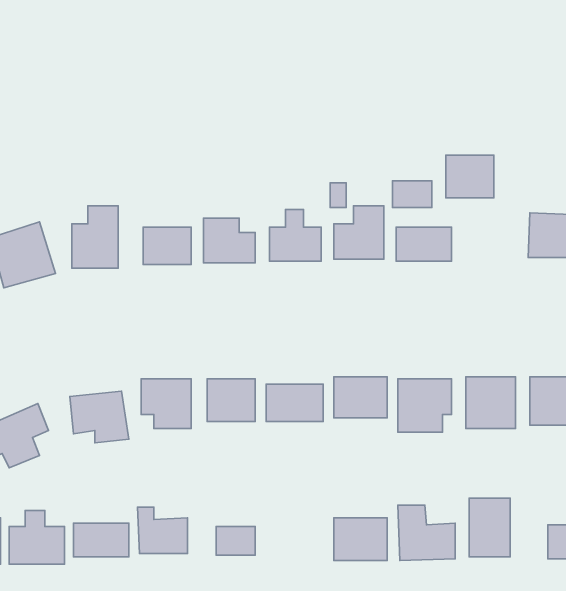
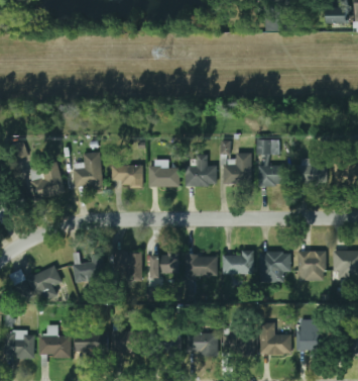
building: [446,155,494,198] -> [296,160,324,184]
building: none -> [186,332,216,356]

